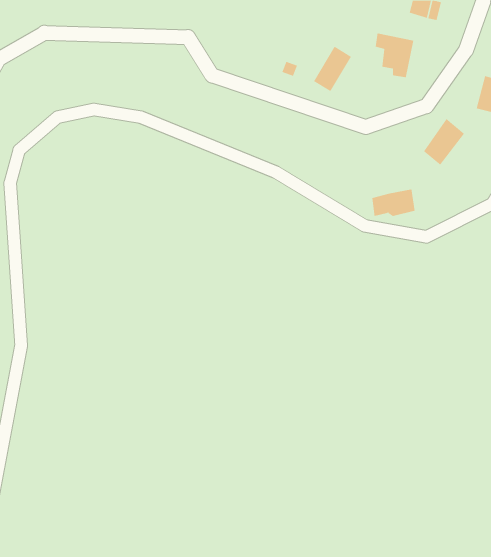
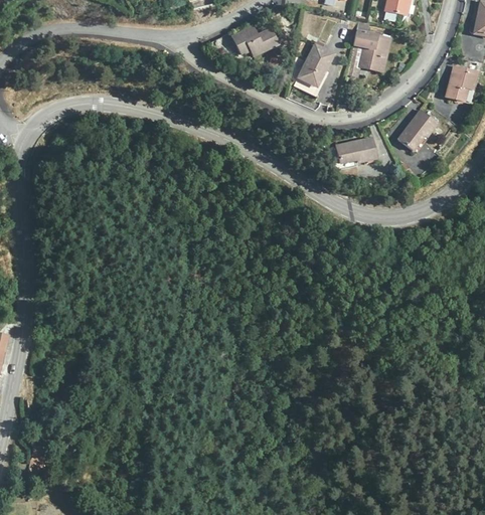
building: none -> [231,23,280,53]
building: [372,189,415,216] -> [337,139,377,164]

